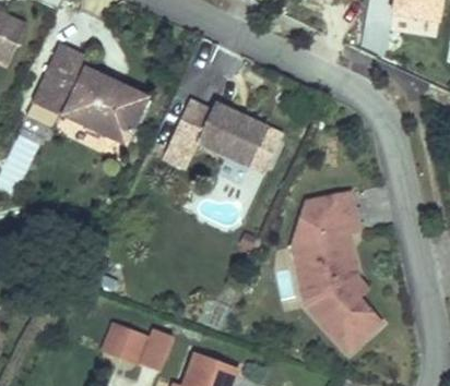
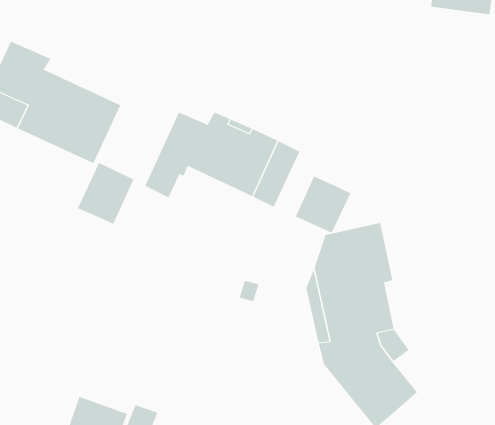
building: none -> [77,162,134,225]
building: none -> [295,176,351,233]

